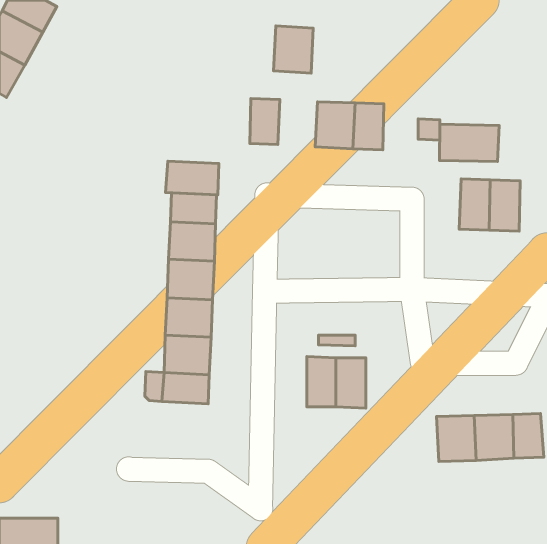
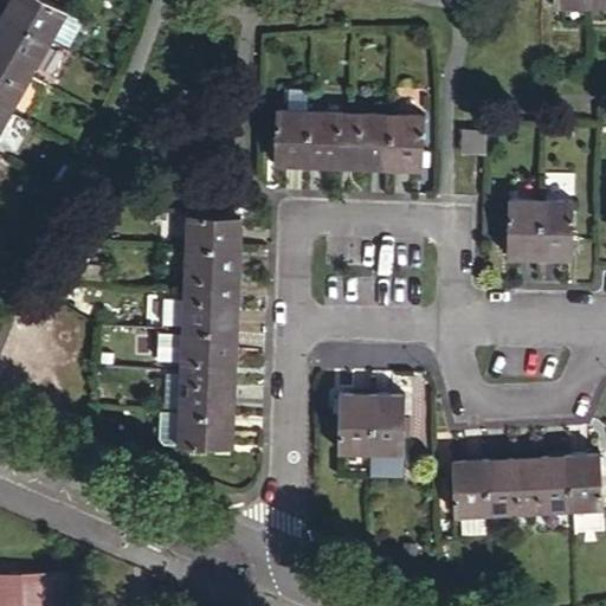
building: [274,26,313,73] -> [307,114,350,166]
building: [440,124,499,162] -> none
building: [165,161,219,195] -> none
building: none -> [450,464,484,515]

